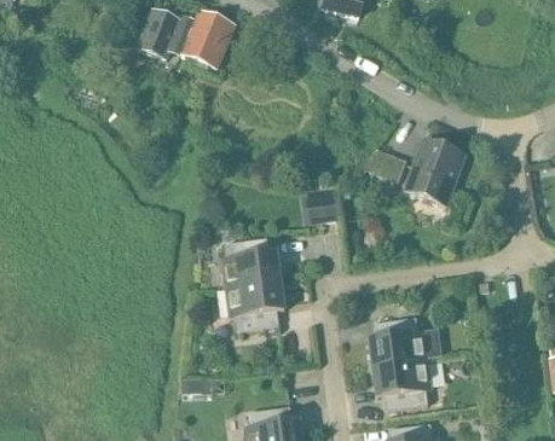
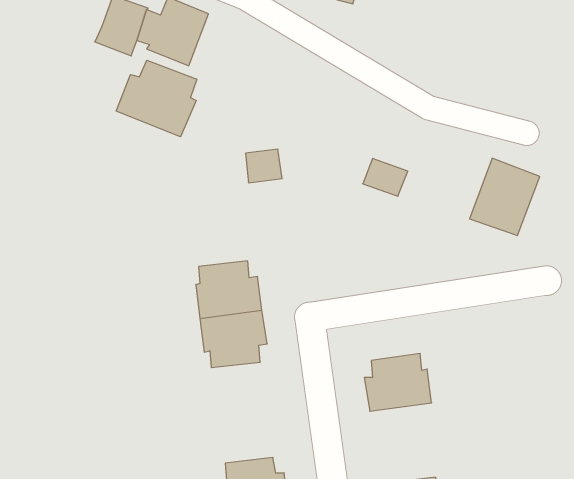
building: none -> [116,60,197,137]
building: [404,139,464,205] -> [470,158,540,236]
building: [306,193,337,222] -> [246,149,282,183]
building: [372,360,430,411] -> none

